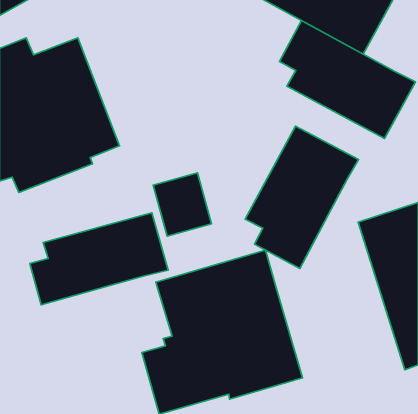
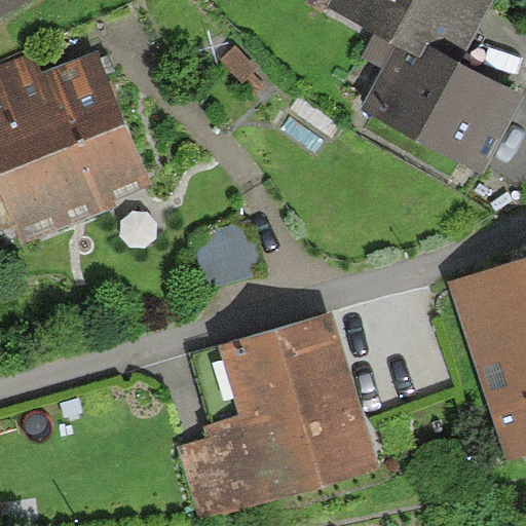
building: [245,126,359,268] -> none
building: [30,213,168,305] -> none

